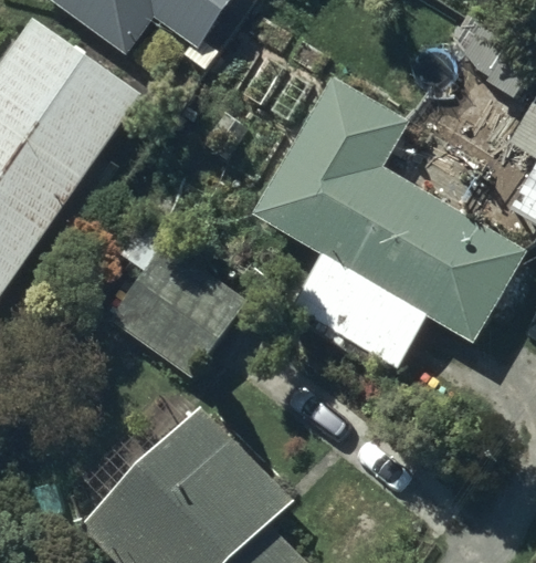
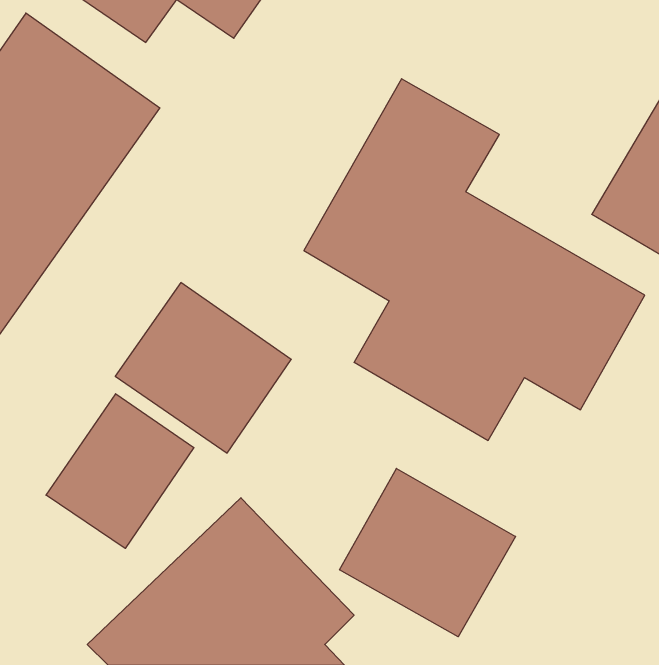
building: none -> [46,394,194,548]
building: none -> [340,468,516,637]

